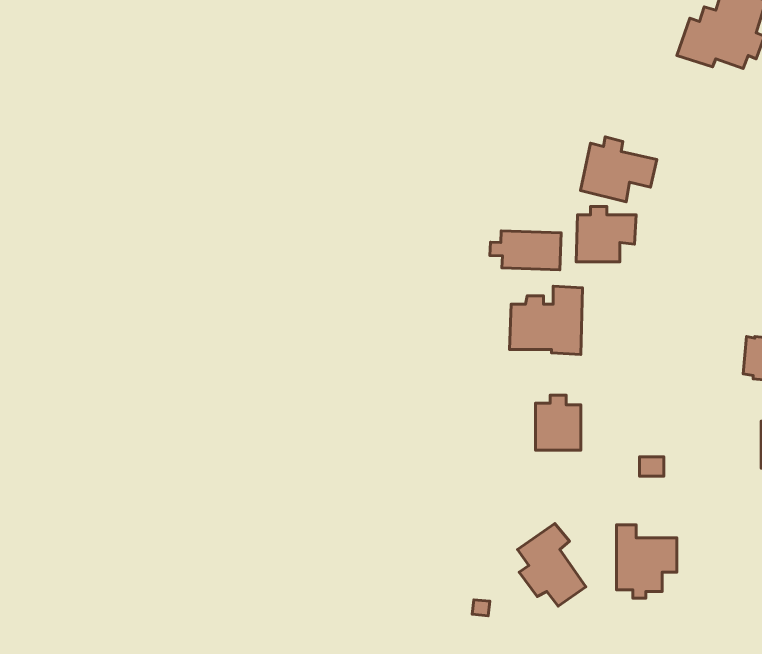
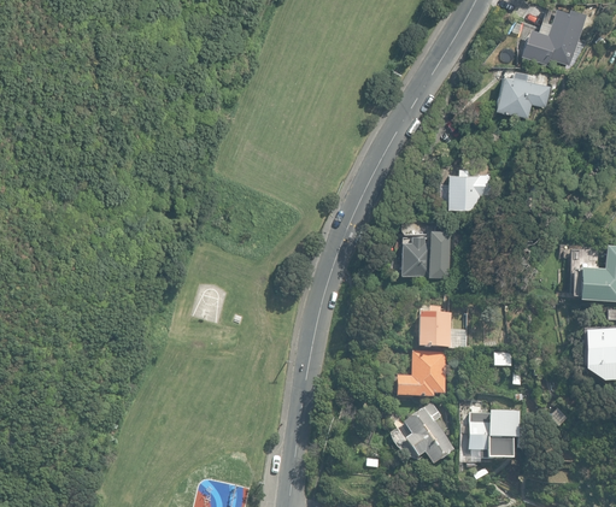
building: [581,137,657,202] -> [494,70,551,118]
building: [490,231,561,270] -> none
building: none -> [395,352,446,397]

